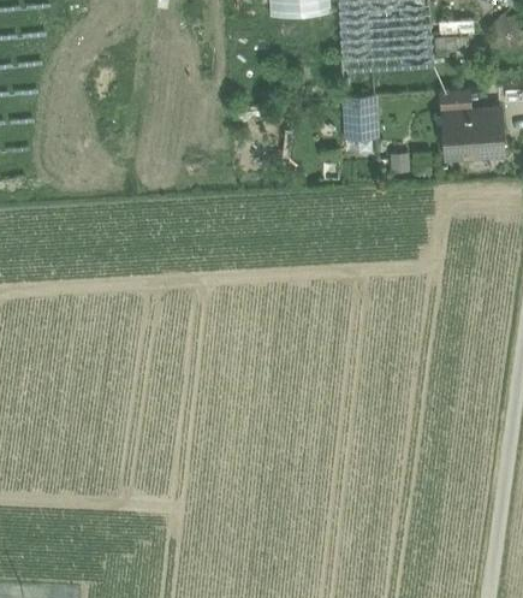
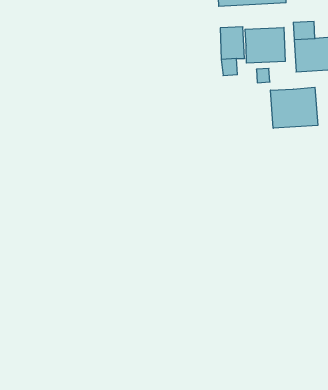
building: none -> [245,27,285,63]
building: none -> [271,87,318,128]

